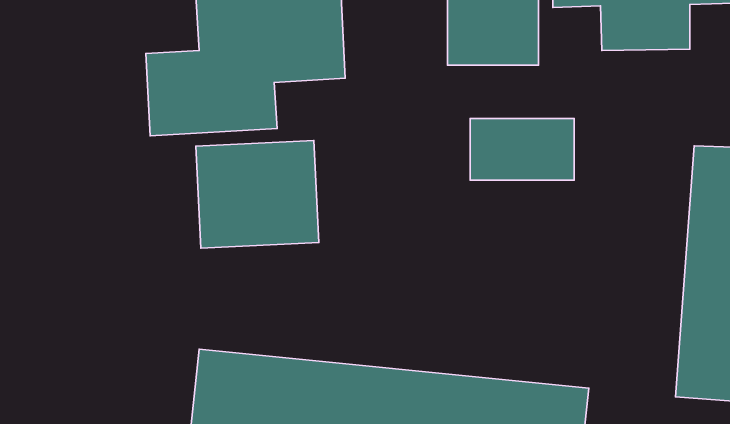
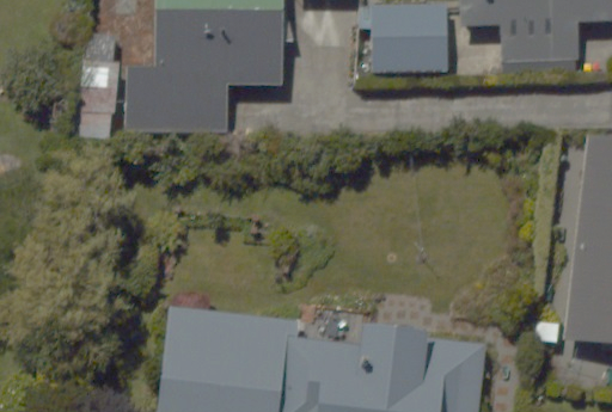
building: [470,118,574,180] -> none
building: [196,140,319,248] -> none

